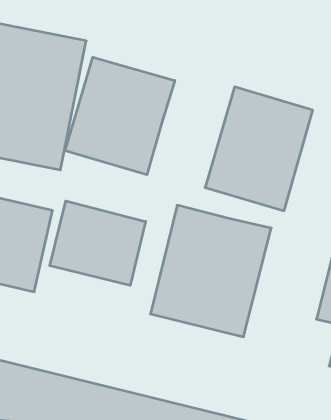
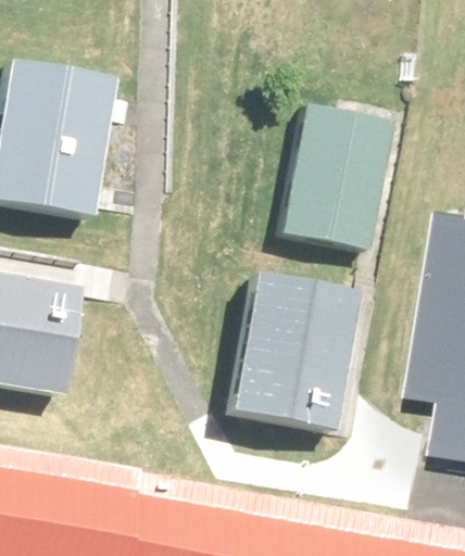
building: [65,57,175,175] -> none
building: [50,201,146,285] -> none

